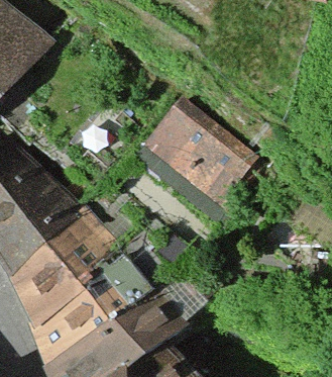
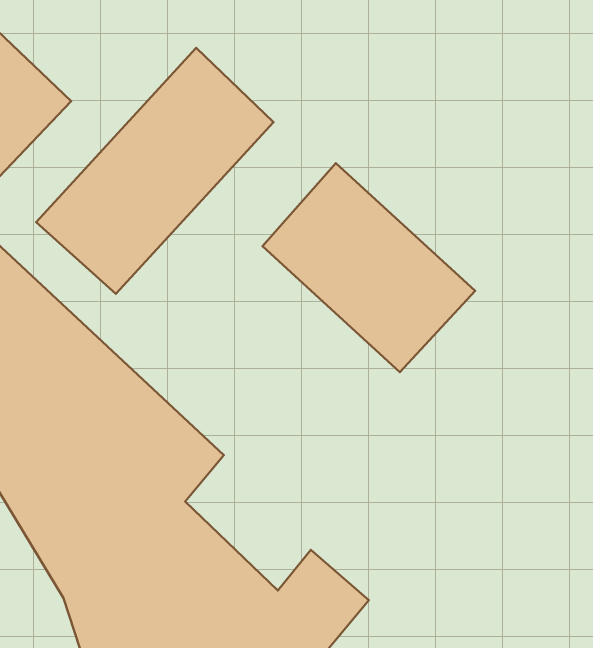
building: none -> [36,48,274,294]

